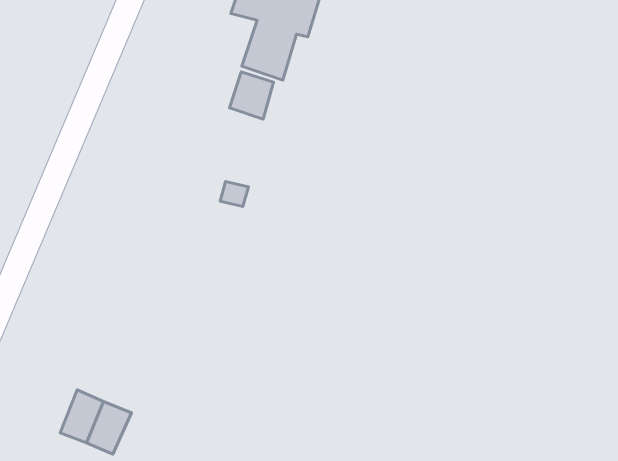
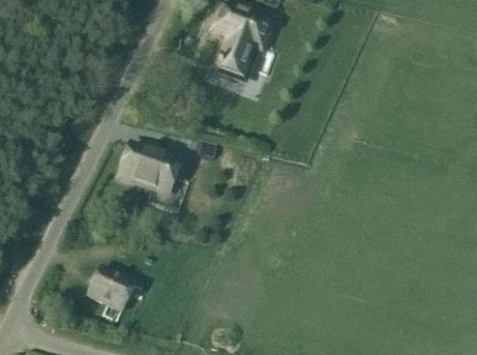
building: [229,72,274,119] -> none
building: none -> [119,148,178,196]

